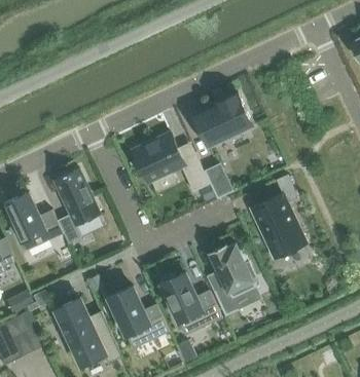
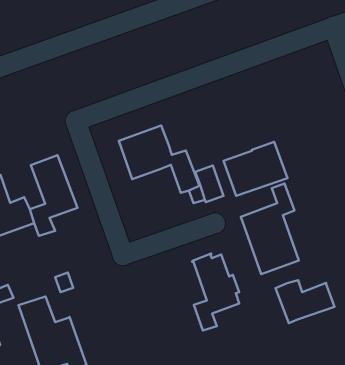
building: [192,93,252,146] -> [224,142,288,196]
building: none -> [276,280,334,323]
building: [160,272,222,336] -> none
building: [107,286,169,349] -> none

